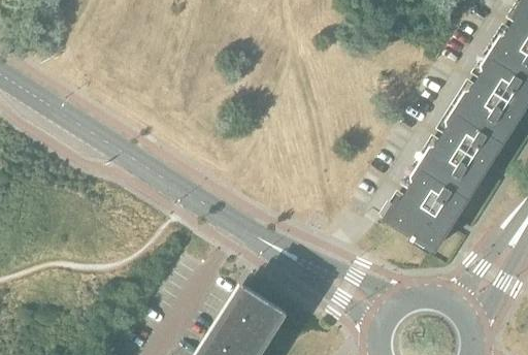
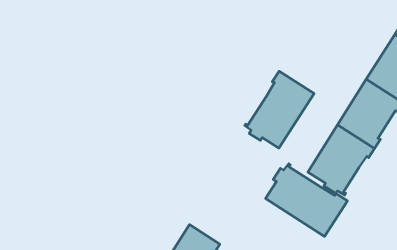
building: none -> [245,71,314,148]
building: none -> [265,163,347,237]

